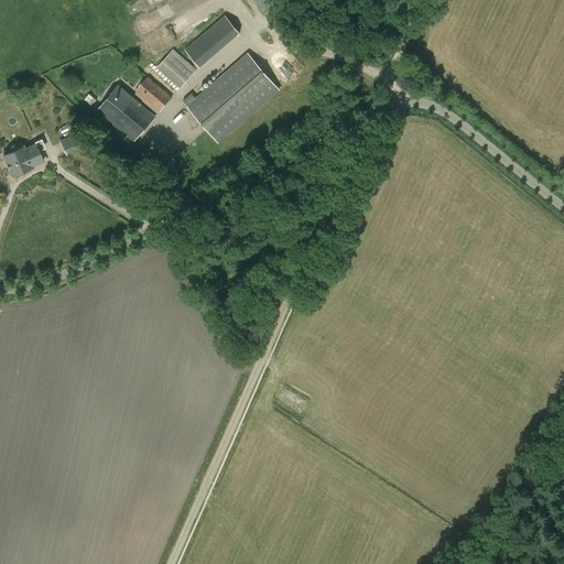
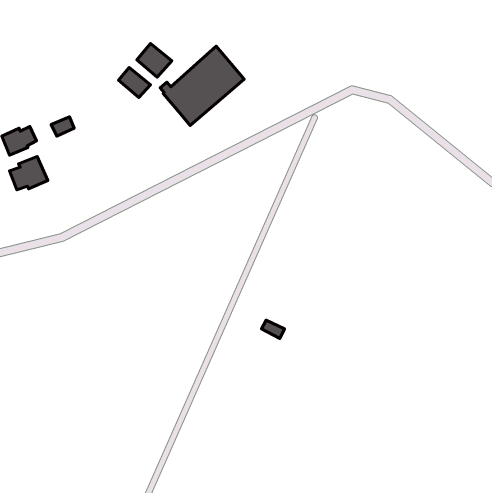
building: [184,17,239,67] -> none
building: [97,86,153,141] -> none
building: none -> [9,156,48,190]

